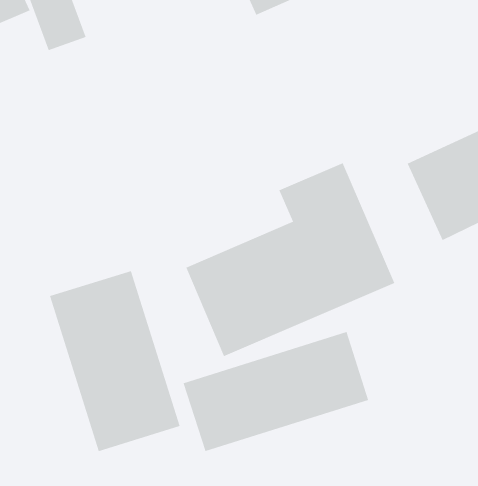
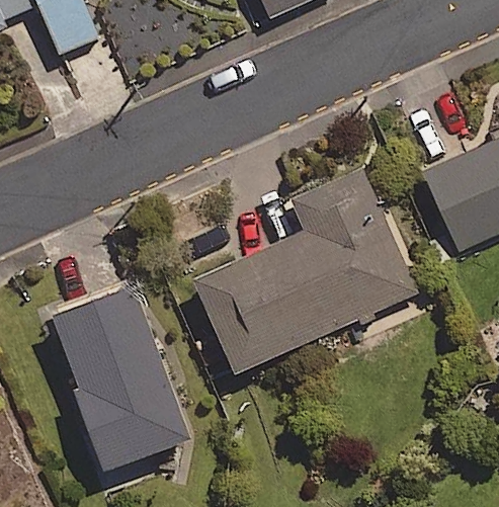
building: [183,331,369,452] -> none

